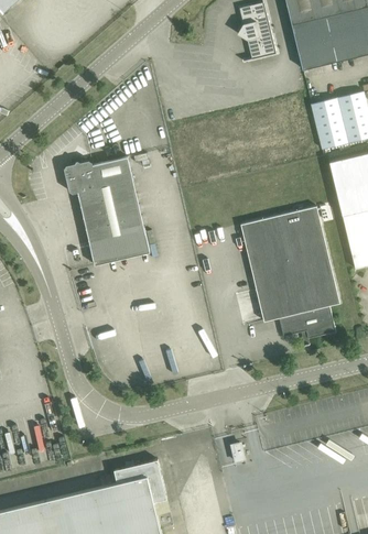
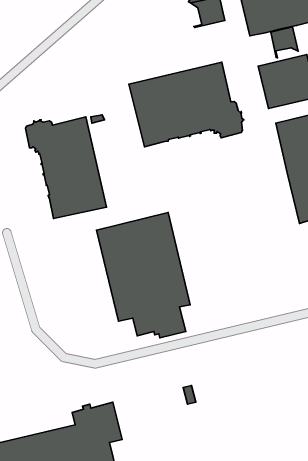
building: none -> [271,27,298,58]
building: none -> [129,62,244,147]
building: [240,206,339,339] -> [97,212,190,338]

